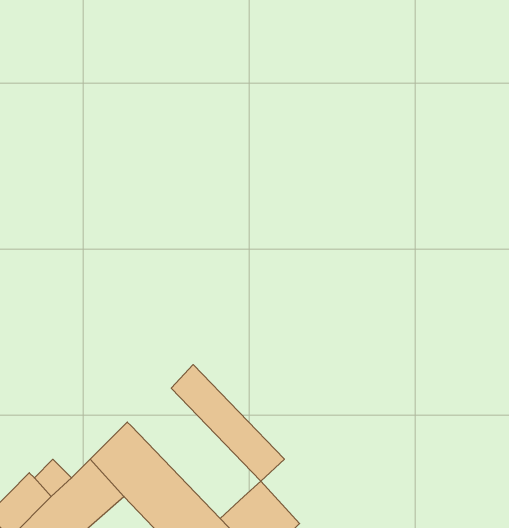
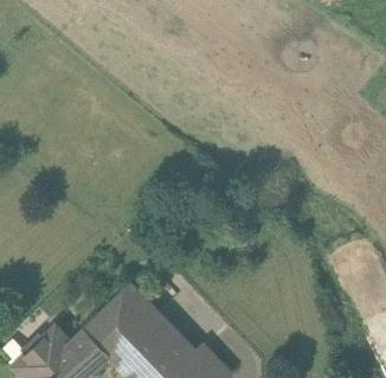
building: [171,365,284,481] -> [111,288,191,370]

